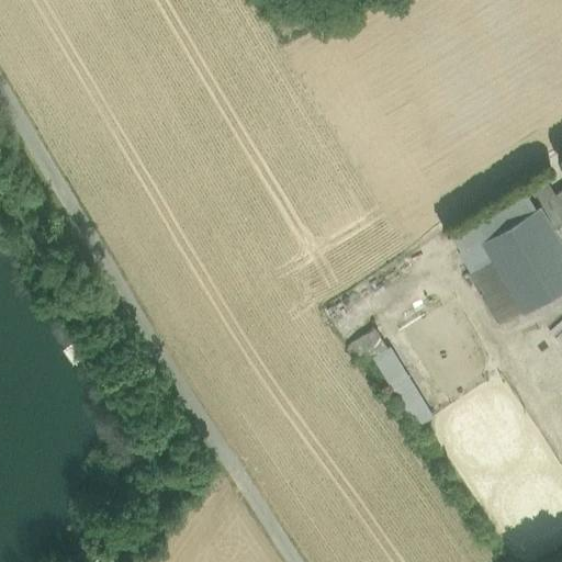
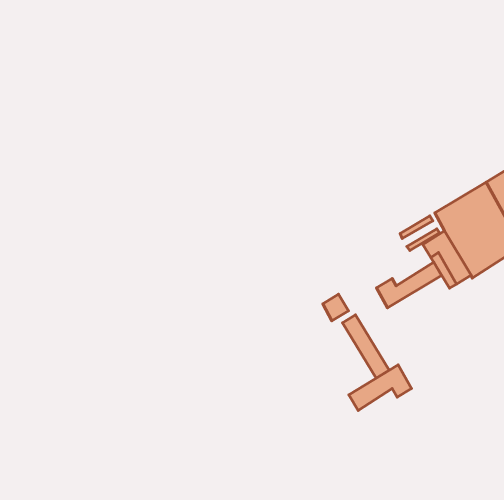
building: none -> [376,262,442,308]
building: none -> [349,365,411,410]

